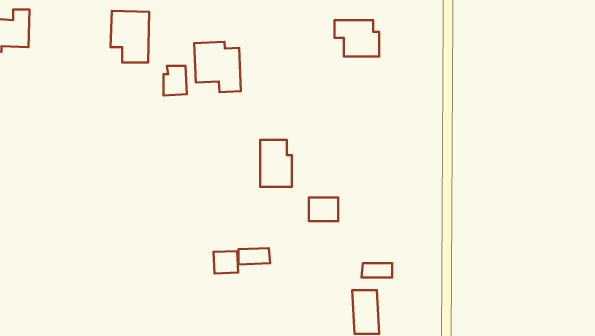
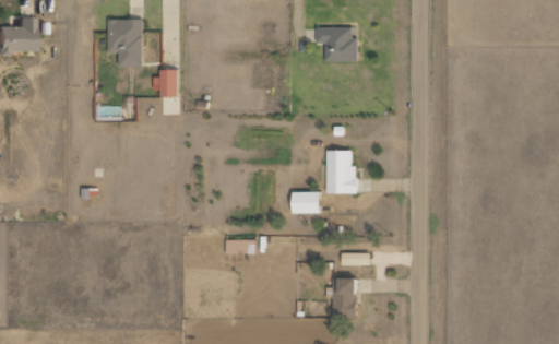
building: [194,42,241,92] -> none
building: [260,140,292,187] -> [326,151,356,194]
building: [214,251,238,273] -> none

